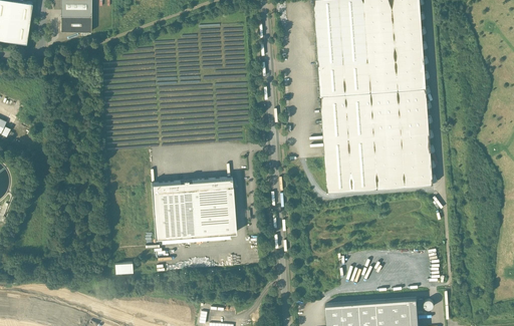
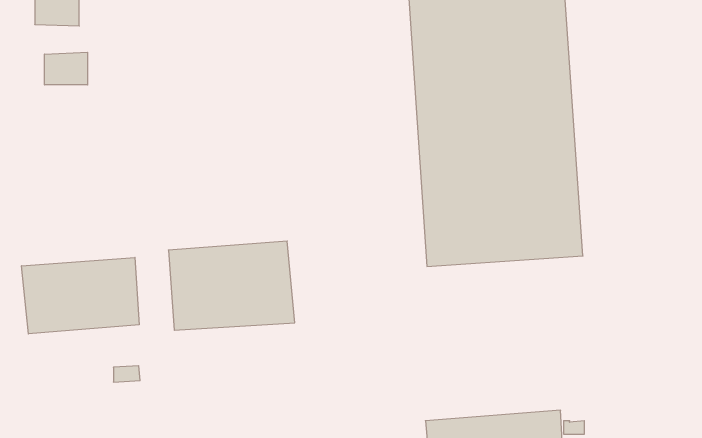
building: none -> [45,52,88,85]
building: none -> [22,257,139,334]

